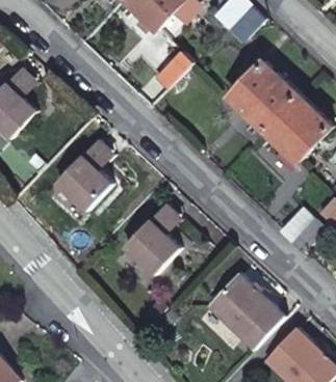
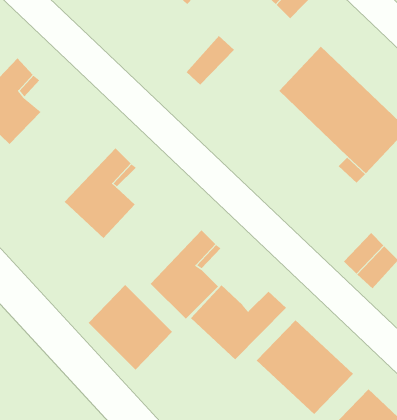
building: none -> [88,284,173,371]
building: none -> [190,284,287,360]

